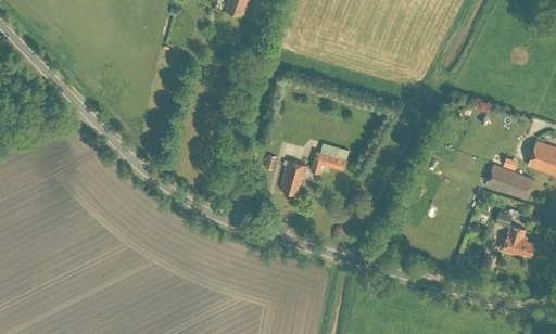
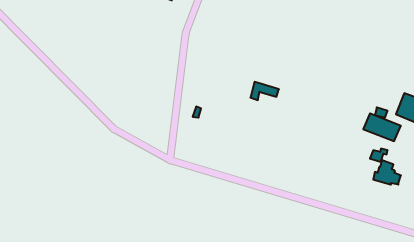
building: [309,153,346,177] -> [250,82,279,100]
building: [281,162,306,197] -> none

